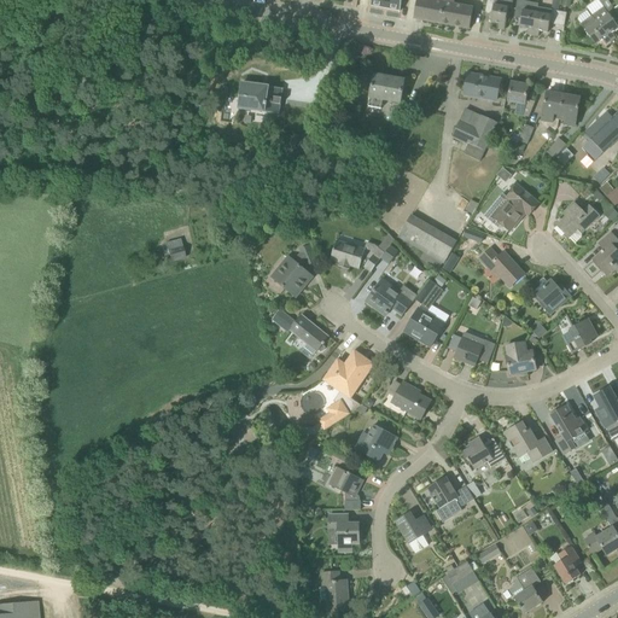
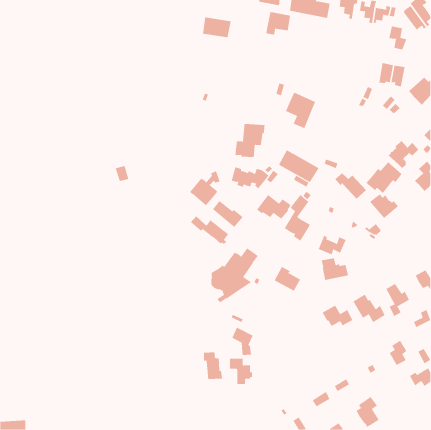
building: [464,70,502,100] -> none
building: [367,72,403,106] -> [266,11,291,35]
building: [237,80,279,110] -> [202,17,232,38]
building: [507,81,534,116] -> [389,26,407,50]
building: [453,106,496,159] -> [285,92,316,129]
building: none -> [235,123,265,158]
building: [484,183,537,229] -> [365,162,403,194]
building: none -> [212,200,243,228]
building: [561,317,596,351] -> none
building: [505,340,544,373] -> [321,258,349,281]
building: [360,424,397,459] -> none
building: [426,474,473,507] -> none
building: [396,511,430,541] -> none
building: [554,544,581,582] -> [389,340,407,366]
building: [321,570,349,610] -> [203,352,223,380]

